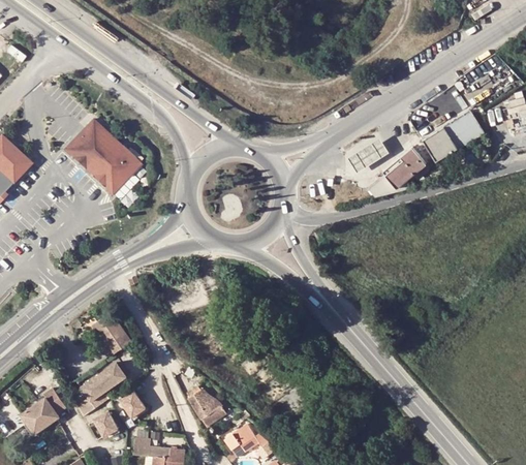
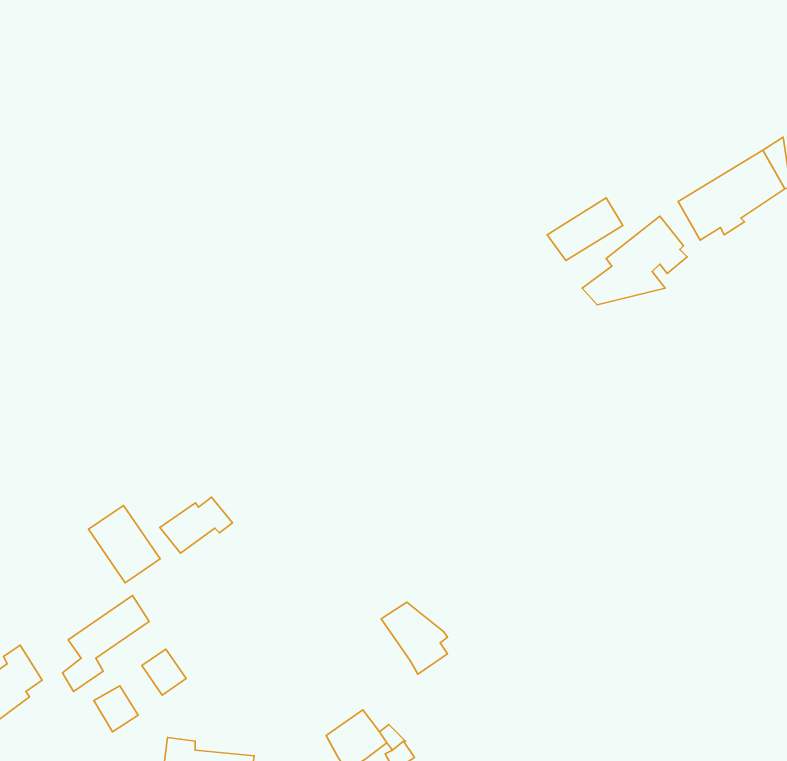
building: [65,120,140,193] -> none
building: none -> [160,497,232,553]
building: [187,390,224,430] -> [381,602,447,674]

